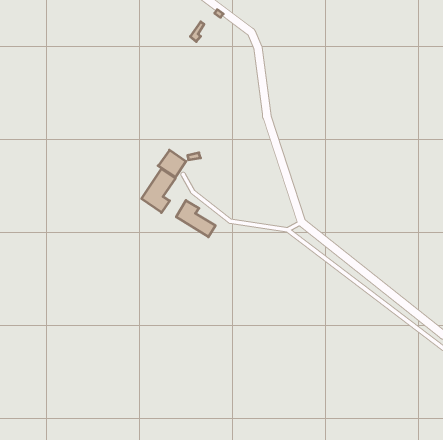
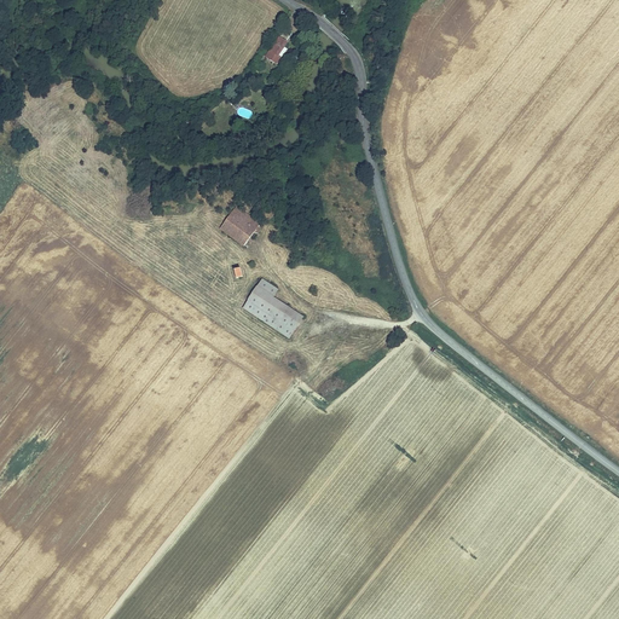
building: [142,169,175,213] -> none

